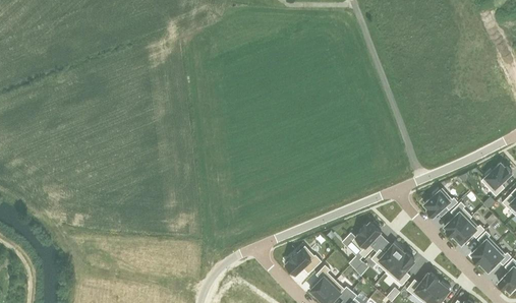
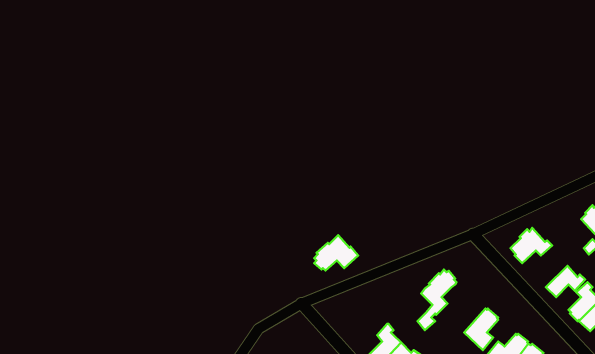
building: [445,201,470,235] -> none
building: [371,241,404,271] -> none
building: [286,245,322,274] -> [314,235,358,271]

